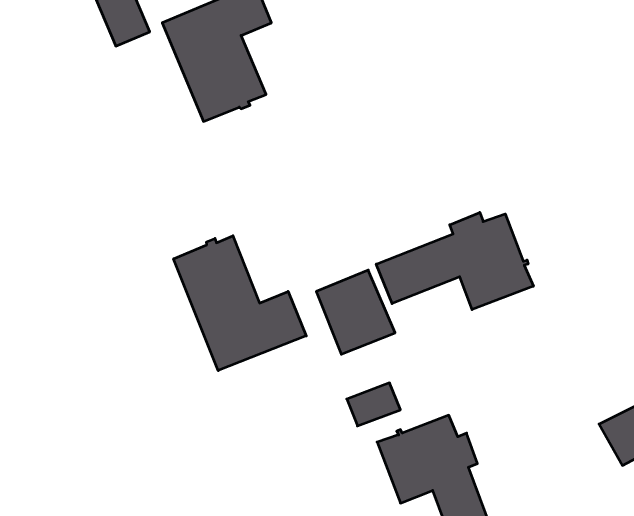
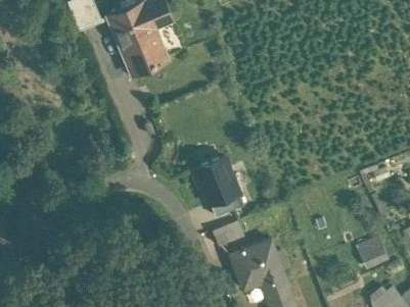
building: [376,212,533,310] -> none
building: [174,236,306,371] -> none

